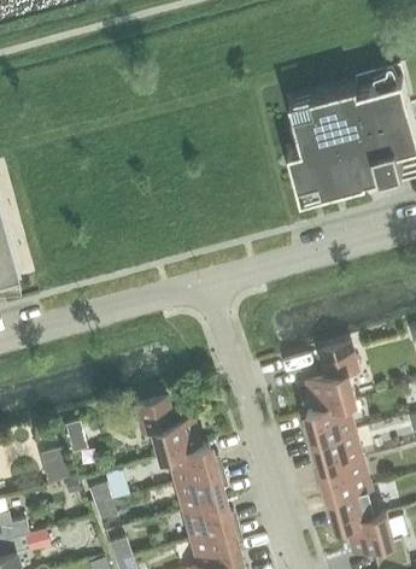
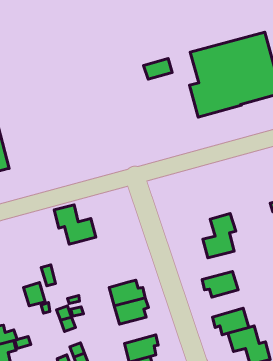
building: none -> [144,58,172,79]
building: [135,399,198,458] -> [54,205,96,244]
building: [303,404,353,444] -> none
building: [318,459,369,500] -> none
building: [183,500,238,540] -> none

